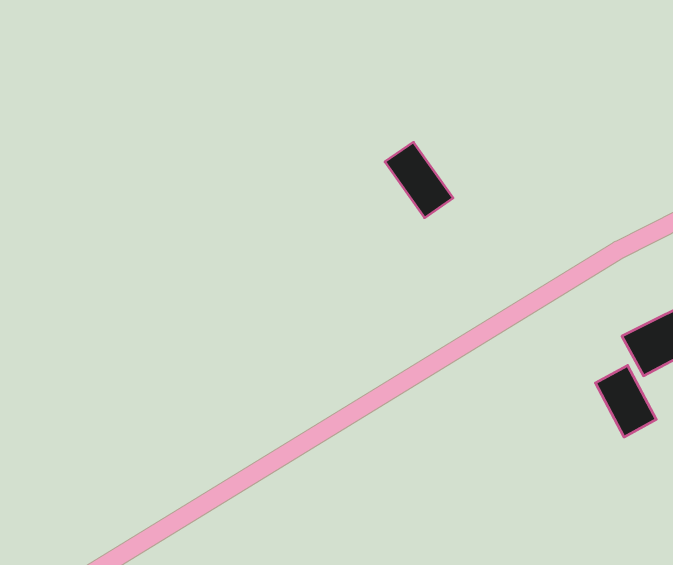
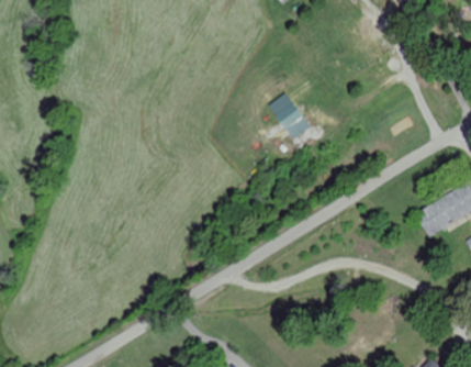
building: [595,365,656,437] -> none

